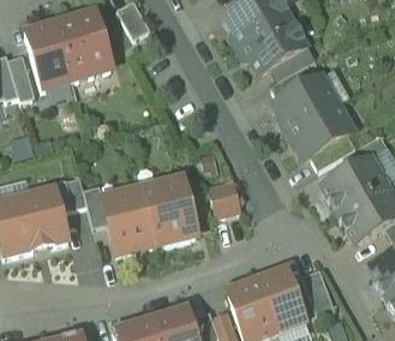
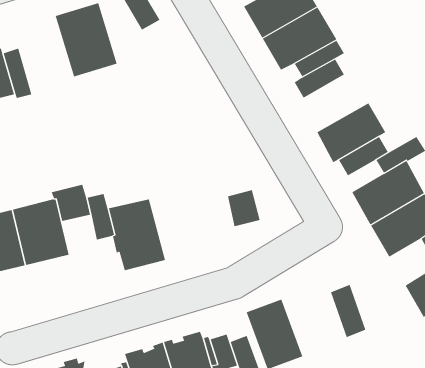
building: [24,23,72,86] -> none
building: [275,73,337,127] -> none
building: [140,177,197,243] -> none
building: [259,267,306,329] -> none

